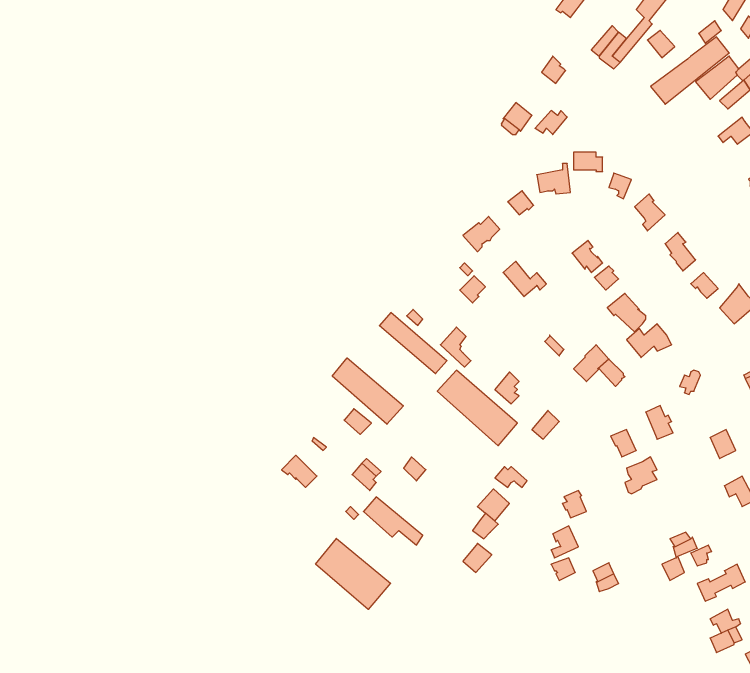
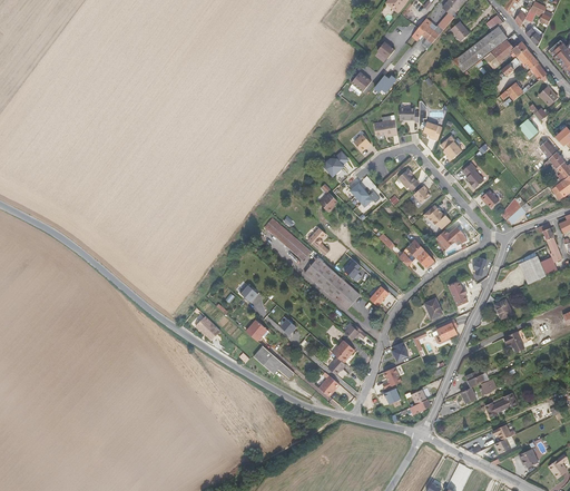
building: [332,358,403,424] -> none
building: [316,538,391,609] -> none

